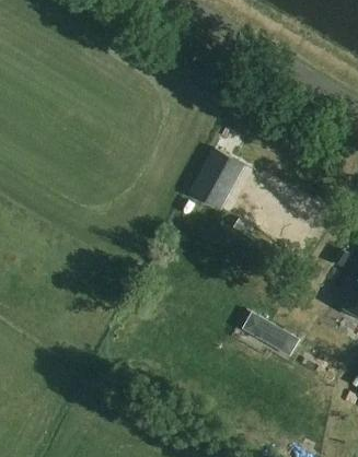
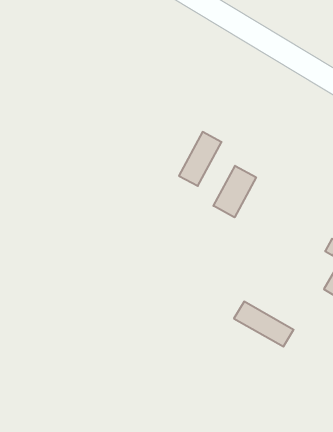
building: none -> [213,166,256,217]

